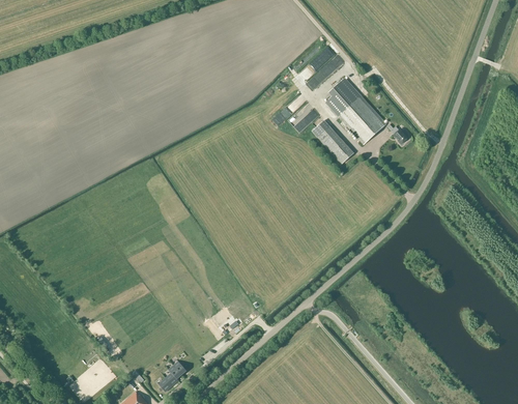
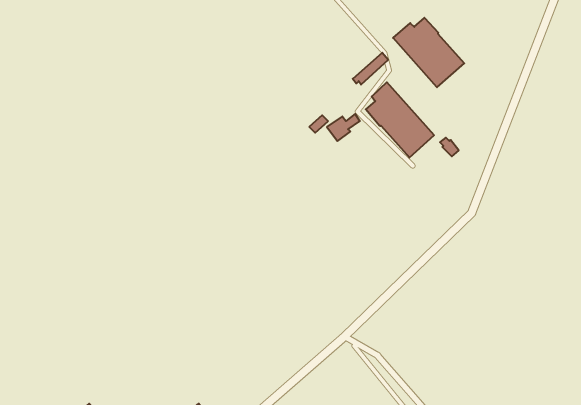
building: none -> [393,18,464,87]
building: [317,125,353,163] -> none

